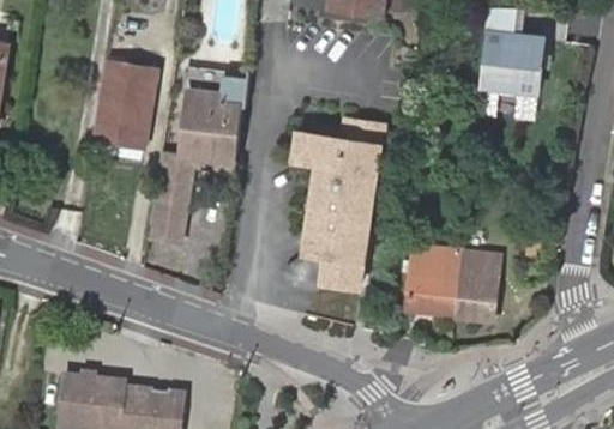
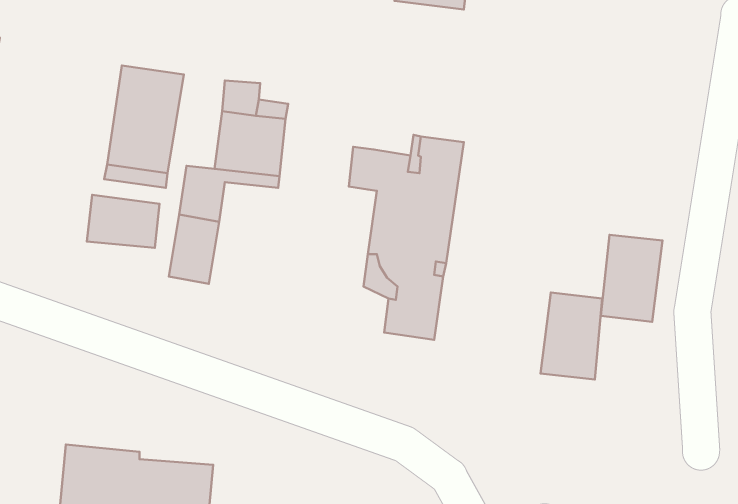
building: [476,28,543,97] -> none
building: none -> [87,195,160,248]
building: [407,243,457,314] -> [601,235,663,322]

